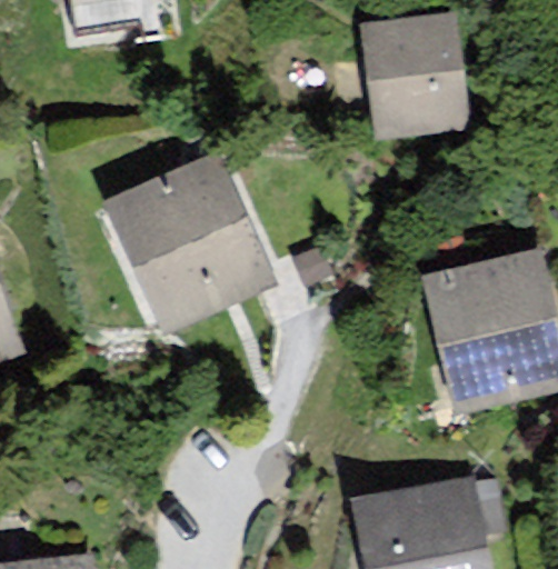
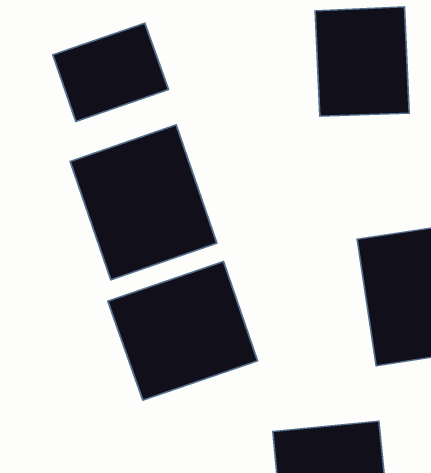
building: none -> [53,23,169,122]
building: none -> [108,261,257,400]

